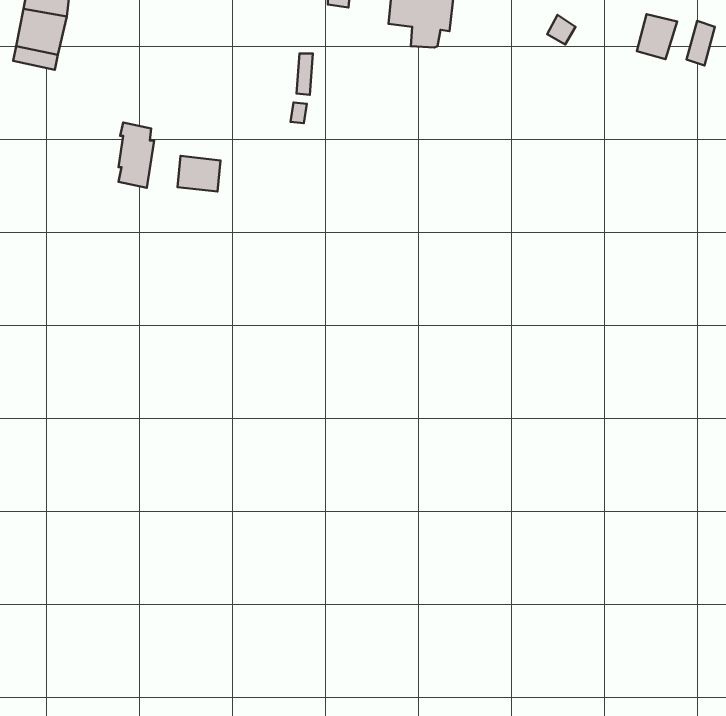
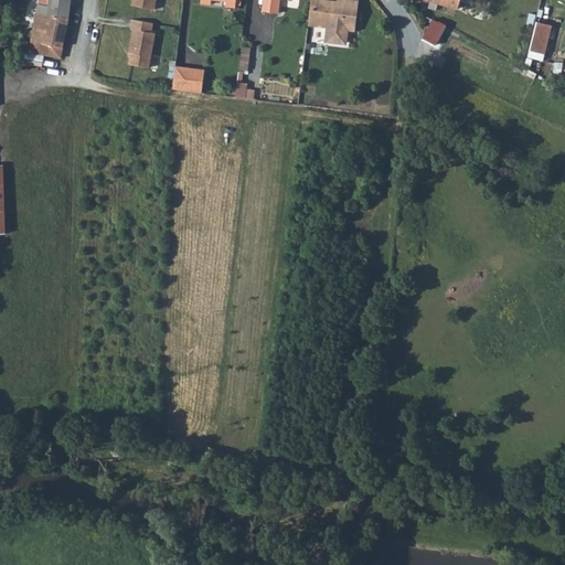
building: [637,14,677,59] -> none
building: [119,123,154,188] -> [129,19,156,67]
building: [177,156,220,192] -> [172,65,204,92]

